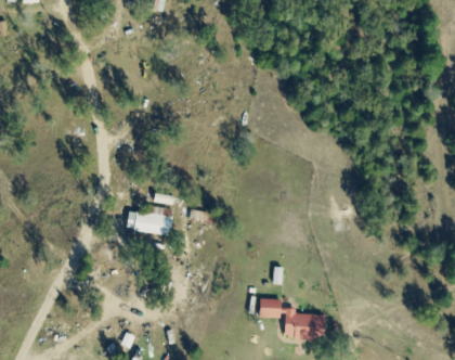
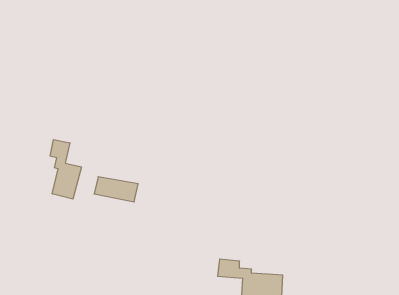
building: none -> [50,140,81,199]

